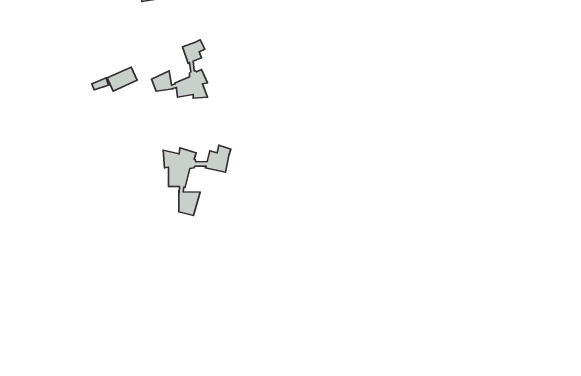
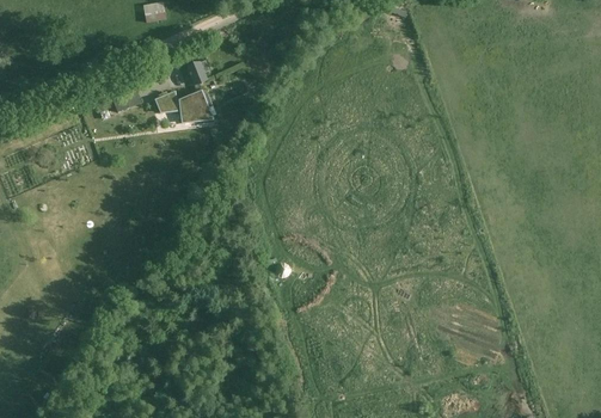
building: [163,145,231,215] -> none

